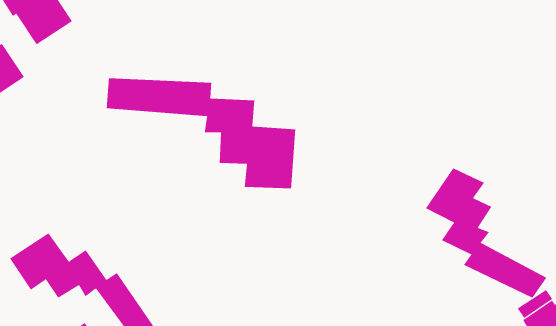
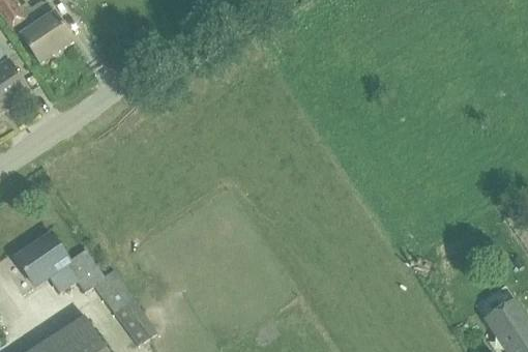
building: [106,78,296,189] -> none
building: [425,168,547,299] -> none

